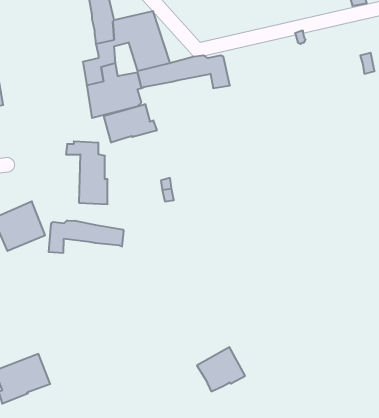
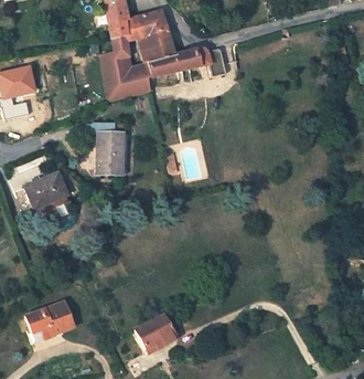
building: [104,104,157,143] -> none
building: [49,220,123,253] -> none
building: [197,347,245,391] -> [136,314,176,351]

